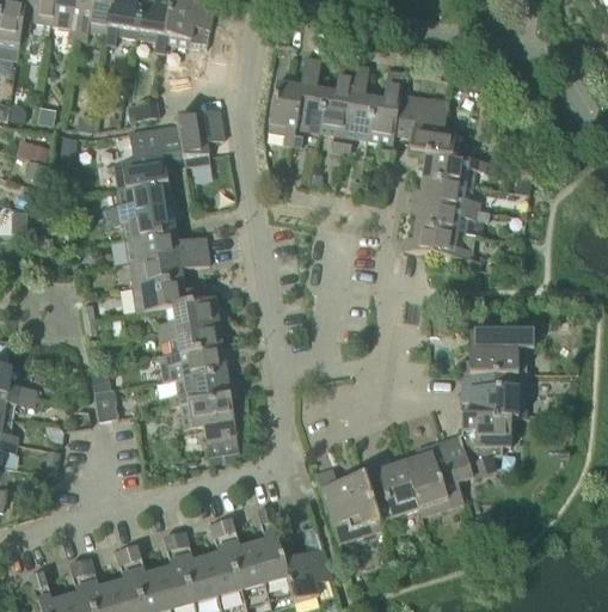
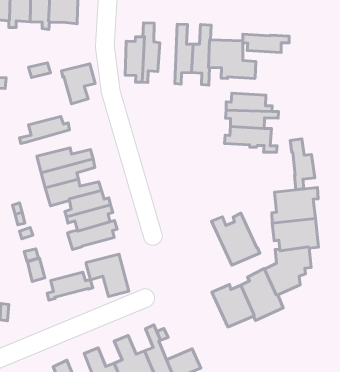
building: [318,62,354,152] -> none
building: [115,123,185,189] -> none
building: [418,151,487,184] -> [243,34,289,52]
building: [104,203,180,237] -> none
building: none -> [290,139,315,190]
building: [170,369,238,405] -> [47,272,93,300]
building: [317,466,382,541] -> [212,213,260,265]

